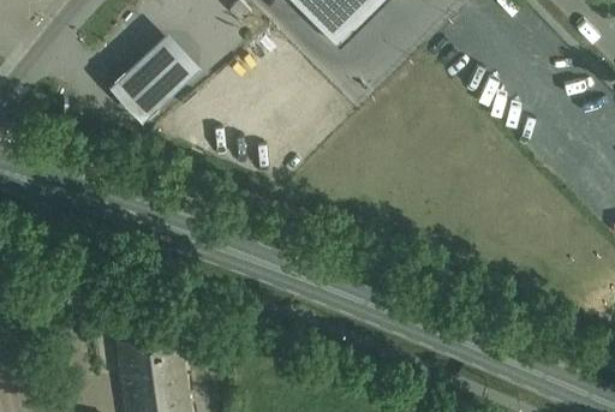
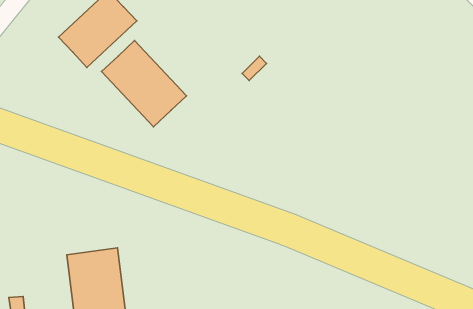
building: none -> [102,40,187,127]

